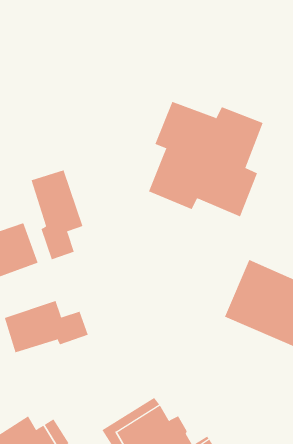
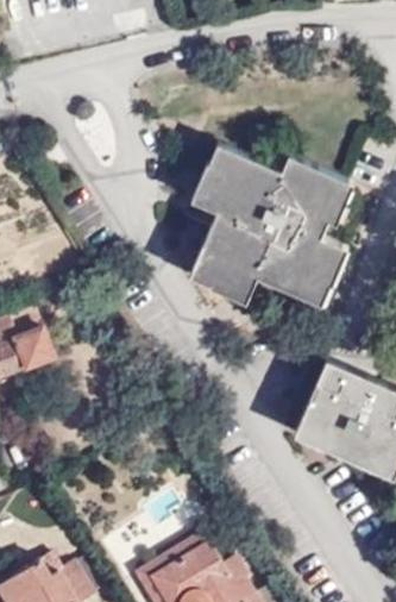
building: [31,170,83,260] -> none
building: [4,300,89,353] -> none

